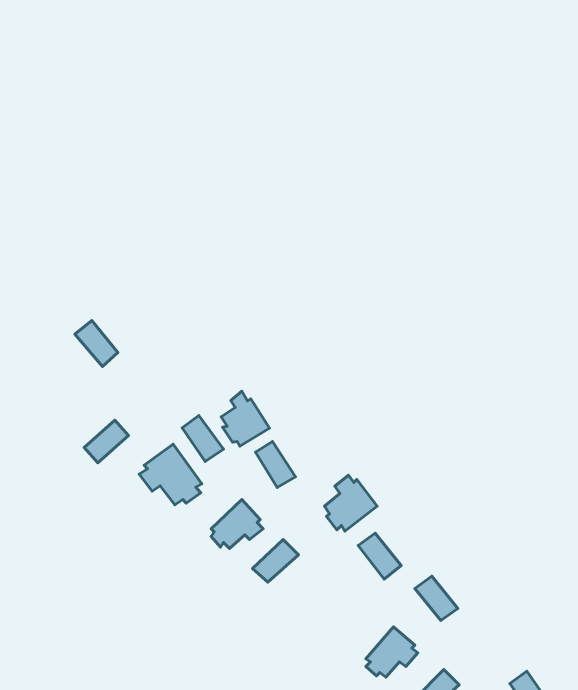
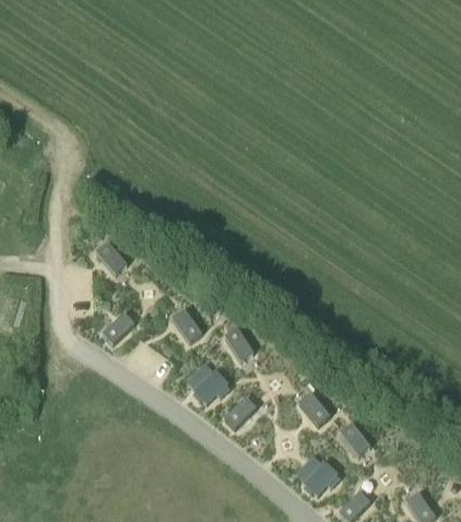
building: [221,391,269,446] -> none
building: [139,444,202,505] -> none
building: [324,475,377,531] -> none

